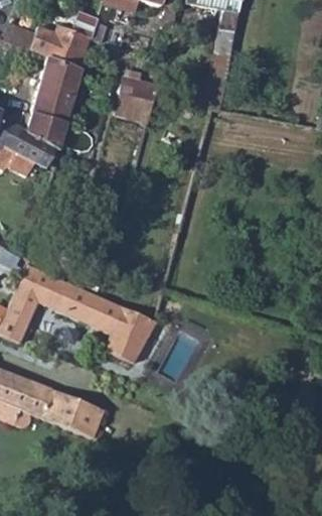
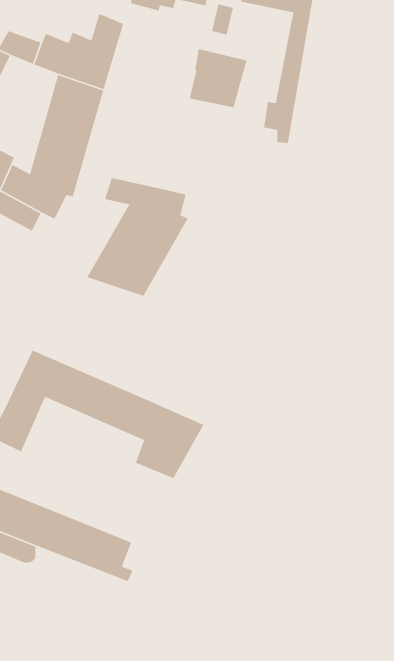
building: [115,77,159,122] -> [189,48,248,108]
building: none -> [86,177,189,297]

